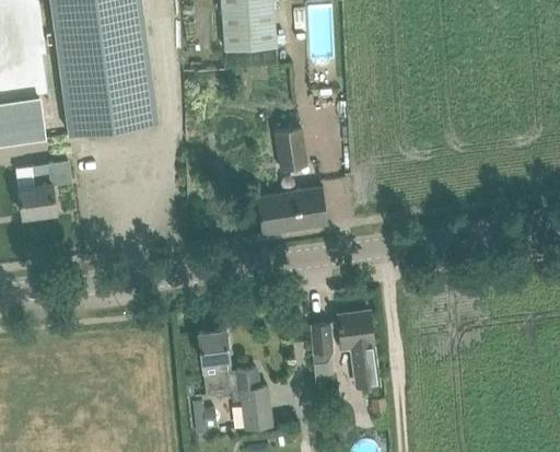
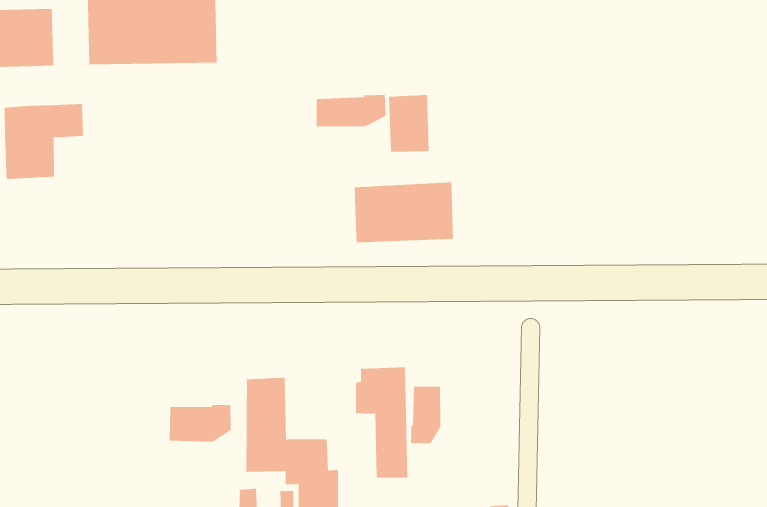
building: none -> [316,94,386,127]
building: [336,311,378,387] -> [355,367,408,478]
building: none -> [169,404,231,443]

